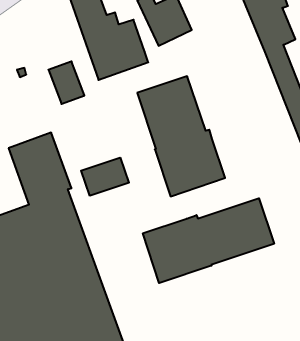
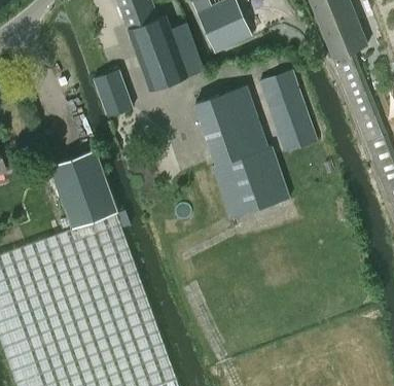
building: none -> [258,70,317,152]
building: [81,158,129,196] -> none
building: [143,198,274,283] -> none

